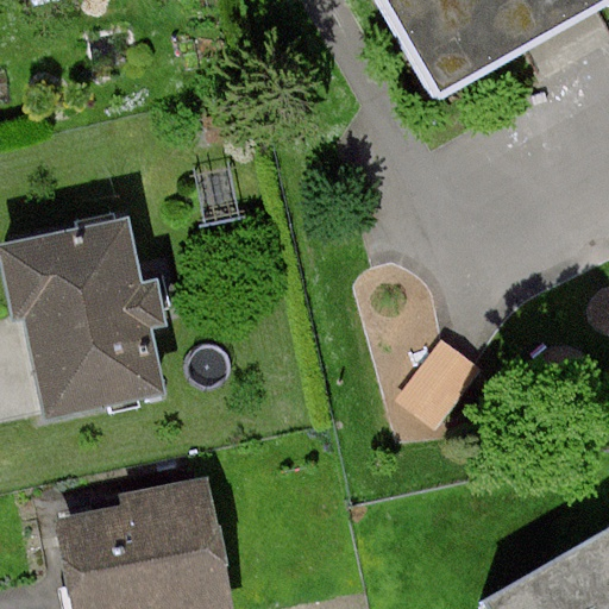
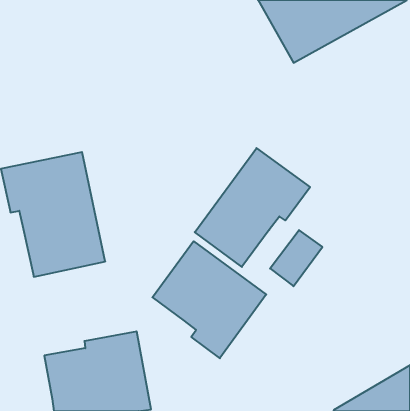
building: none -> [195,148,310,267]
building: none -> [152,241,266,358]

